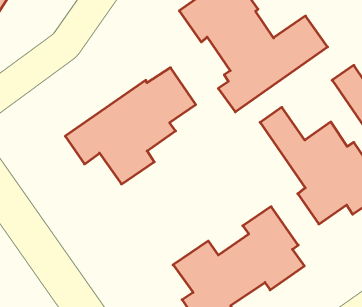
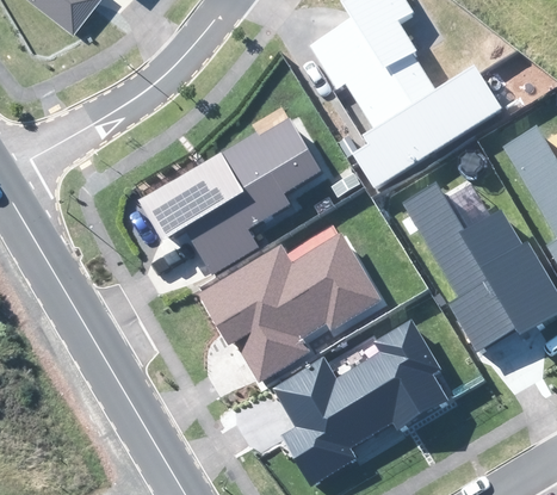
building: none -> [198,231,383,379]

